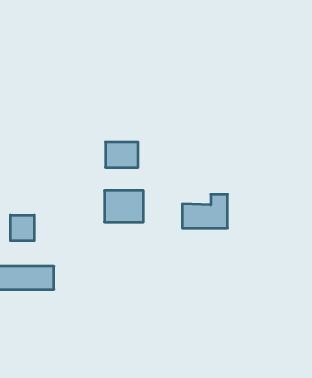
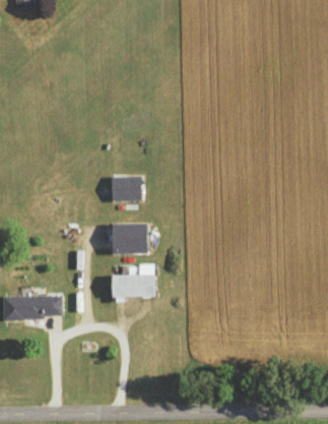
building: [182,194,228,228] -> [111,264,154,297]
building: [10,215,34,241] -> none

